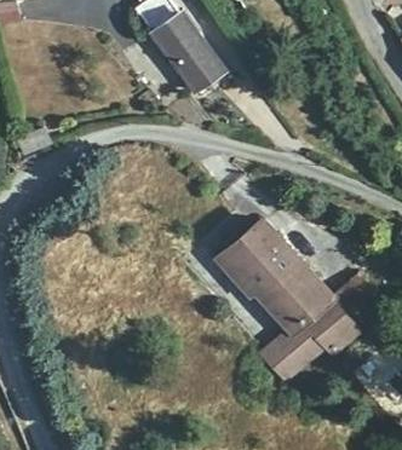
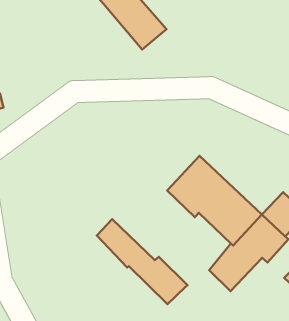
building: none -> [97,219,188,304]

